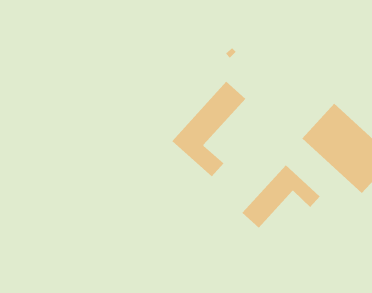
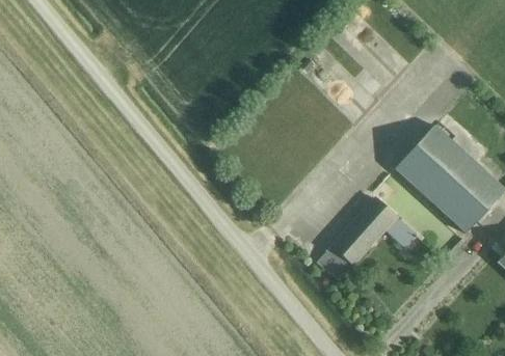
building: [171,81,246,177] -> none

